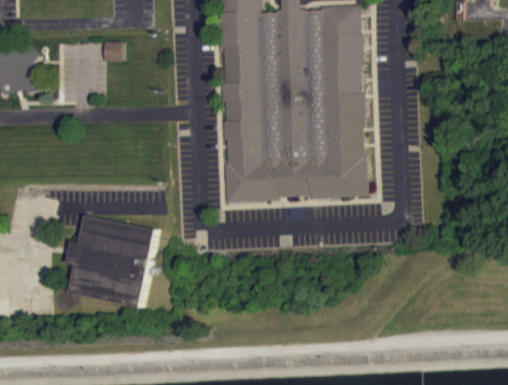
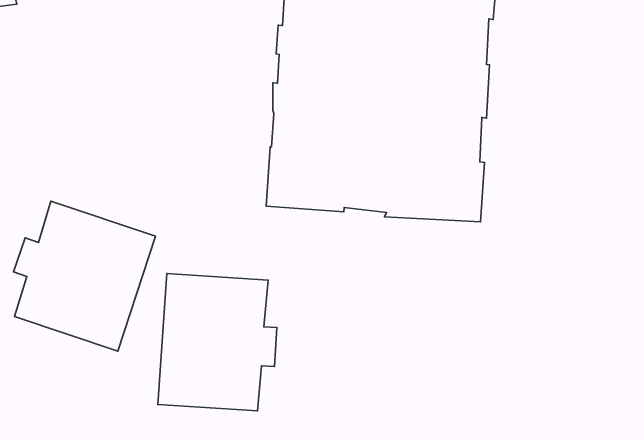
building: none -> [158,274,277,411]

